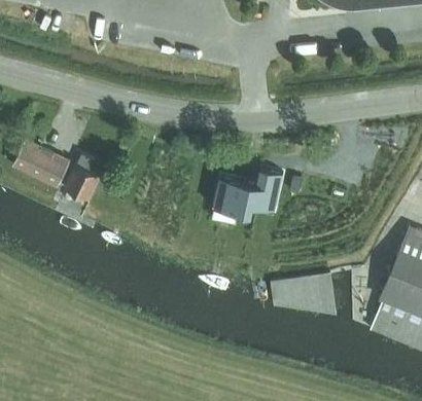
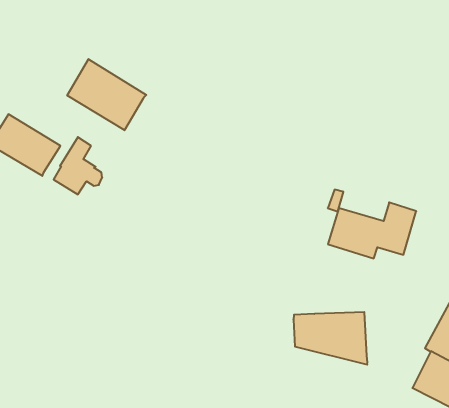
building: none -> [67,59,146,130]
building: [214,169,283,215] -> [328,202,416,258]

